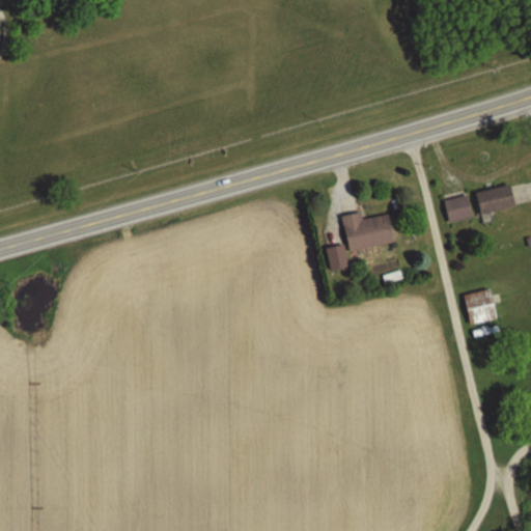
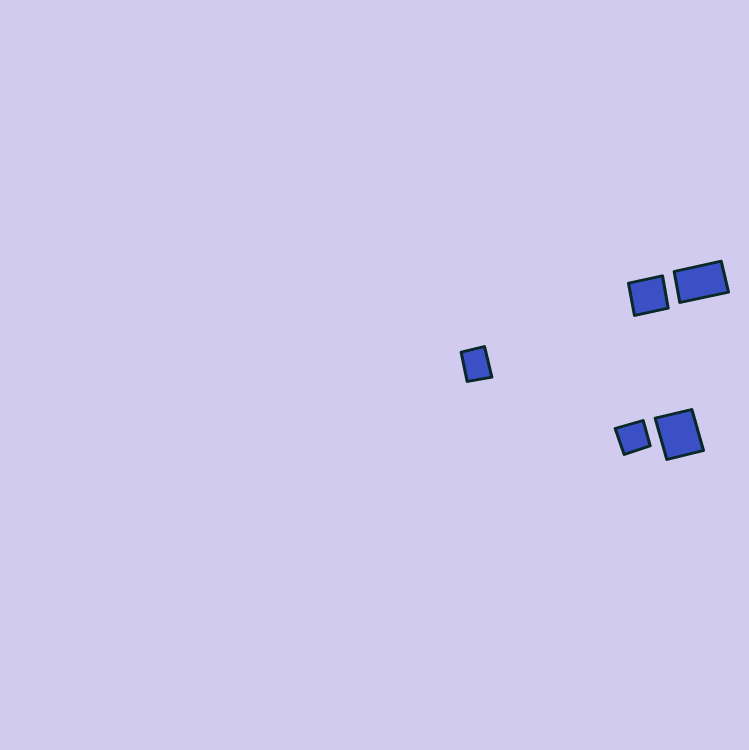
building: [343,212,395,251] -> none
building: none -> [615,421,650,455]

